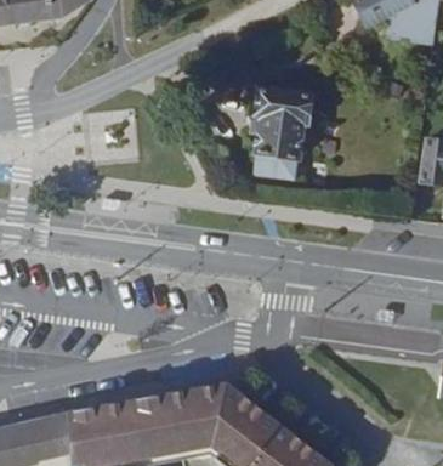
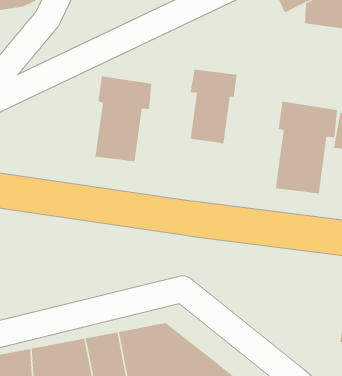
building: none -> [95,75,152,162]
building: none -> [275,101,338,194]

